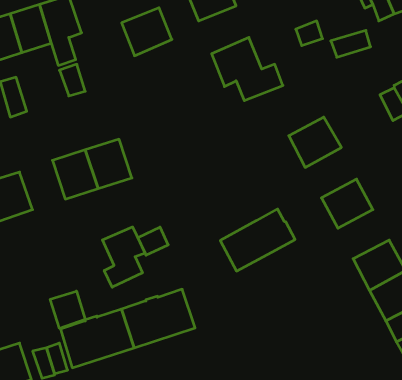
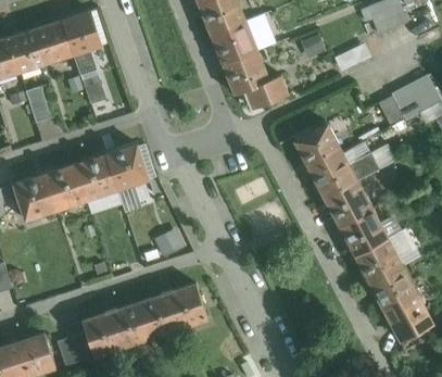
building: [122,8,172,56] -> [211,21,257,65]
building: none -> [45,164,87,210]
building: [220,209,295,271] -> [310,141,379,199]
building: none -> [340,210,388,255]
building: [102,227,145,287] -> none
building: [50,291,85,328] -> none

